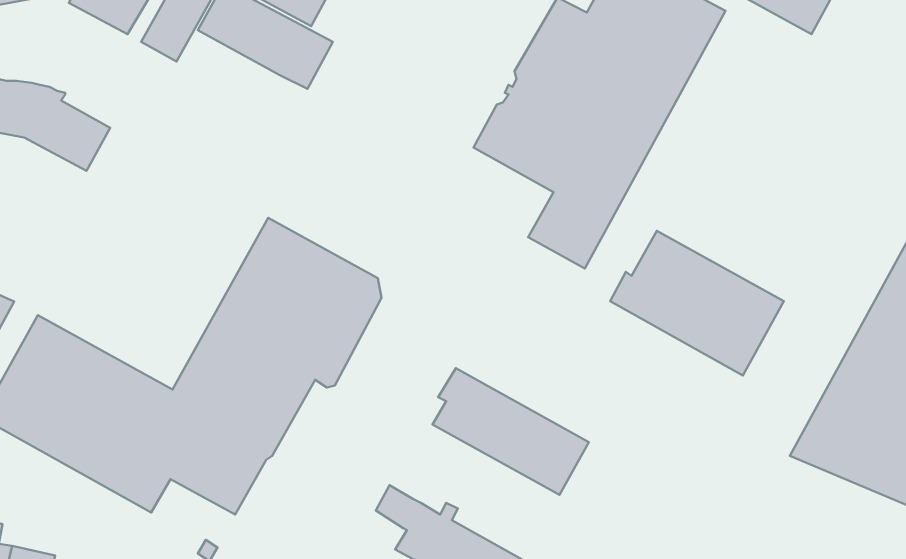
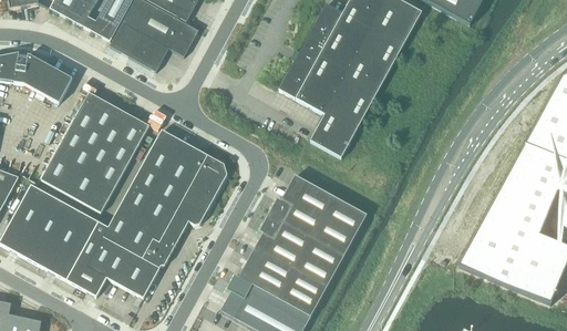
building: none -> [110,22,168,70]
building: none -> [40,92,148,211]
building: [610,231,784,375] -> [268,174,367,256]
building: none -> [238,246,327,316]

